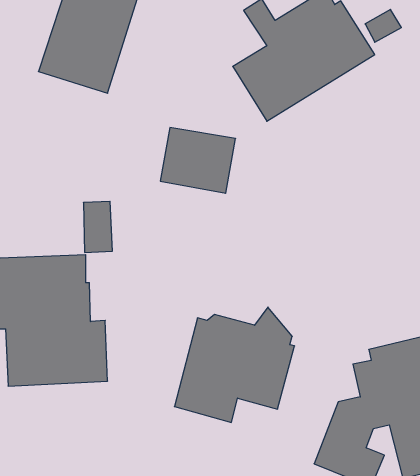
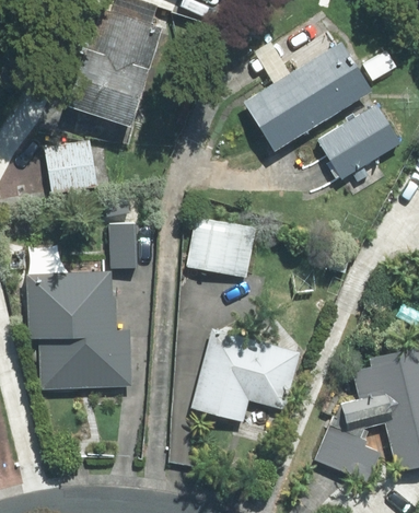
building: none -> [317,103,400,179]
building: none -> [45,141,97,194]
building: [160,128,236,193] -> [187,218,255,277]

